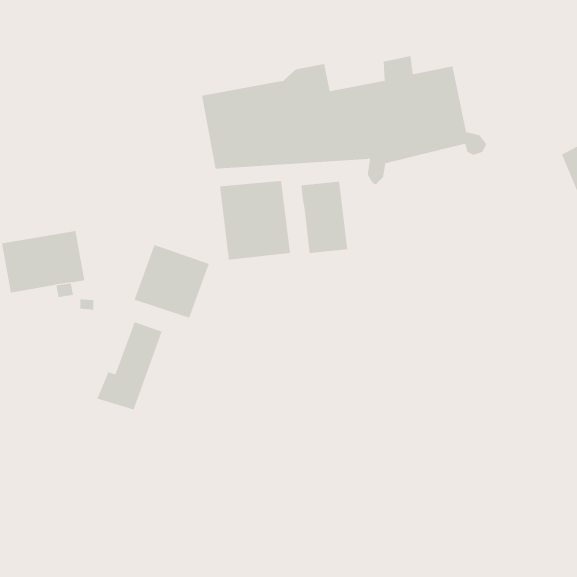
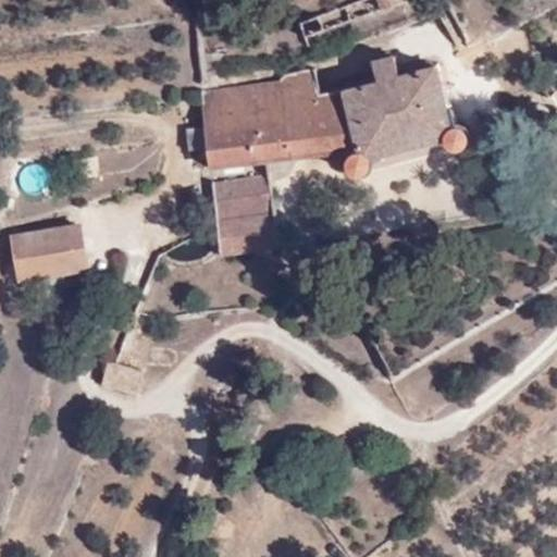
building: [301,181,348,254] -> none
building: [134,244,209,319] -> none

